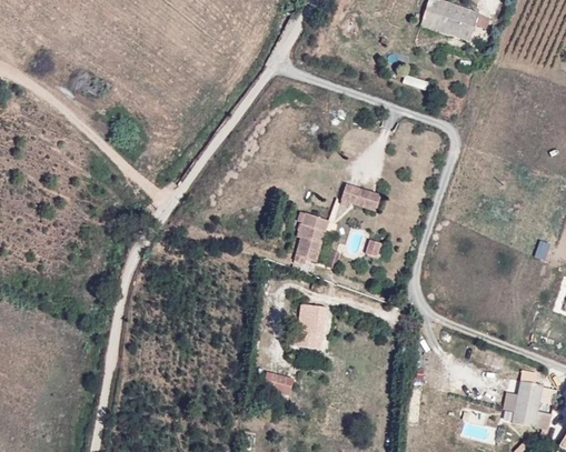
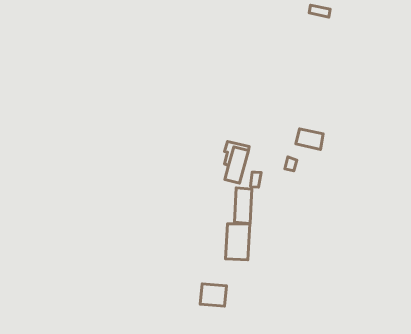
building: [340,182,373,208] -> [296,129,323,149]
building: none -> [234,188,252,224]

